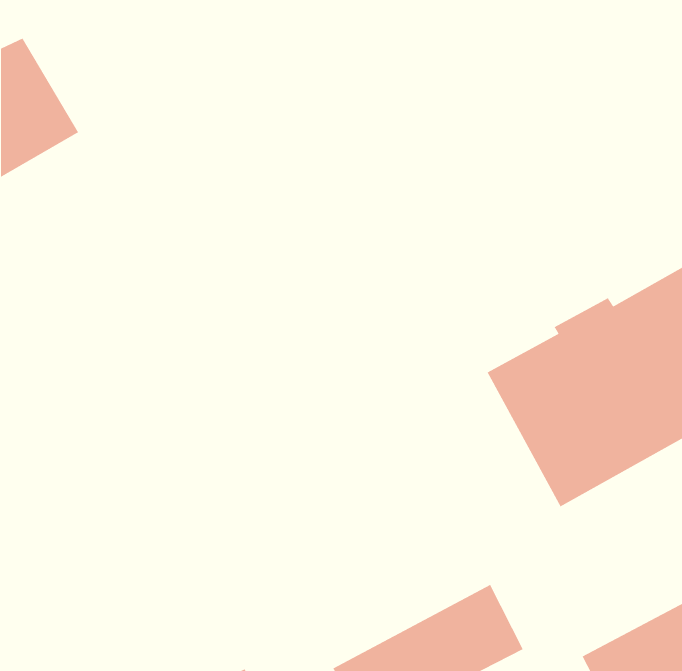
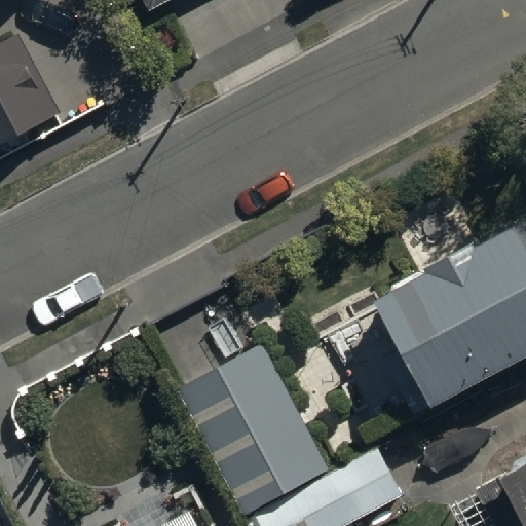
building: none -> [178,347,327,516]

